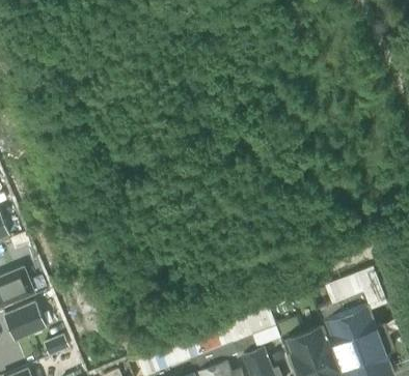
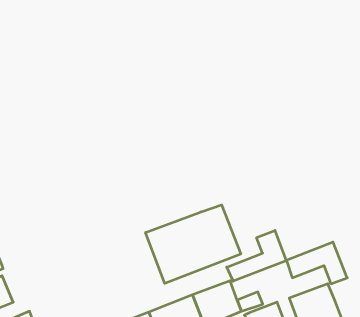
building: none -> [146,205,241,283]
building: none -> [227,230,286,281]

